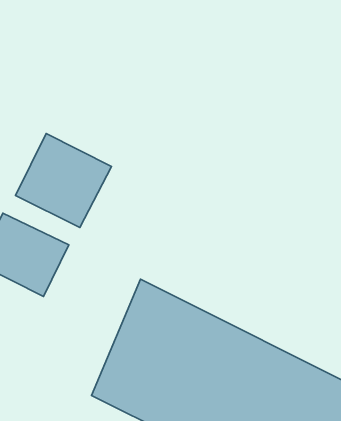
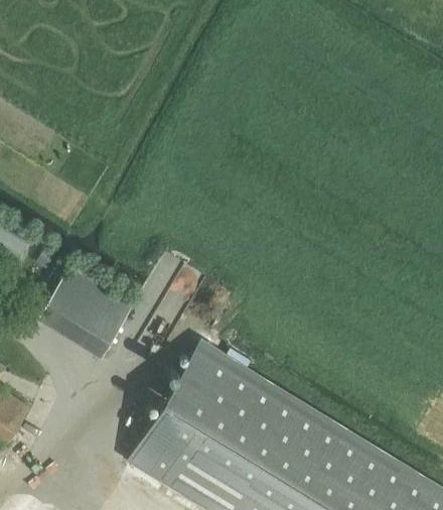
building: [15,134,111,228] -> none

